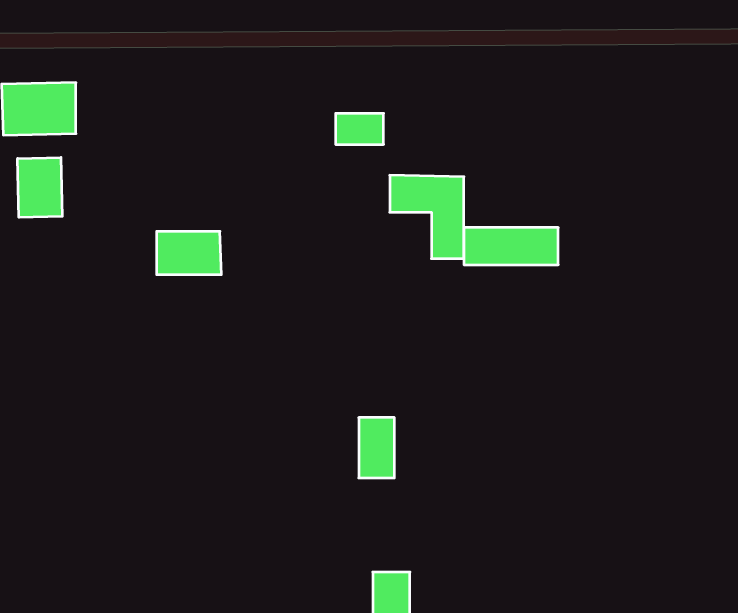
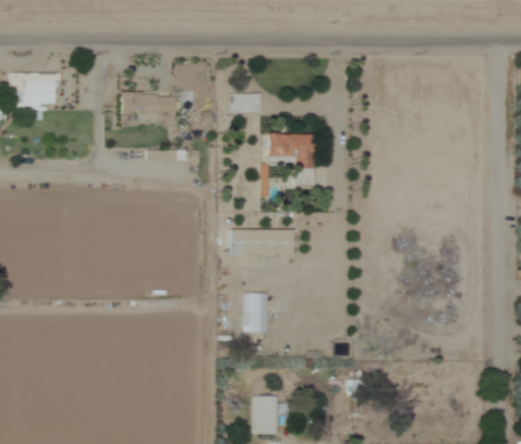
building: [18,157,62,217] -> none
building: [464,228,558,265] -> [230,230,292,255]
building: [157,231,221,275] -> [124,93,167,121]

